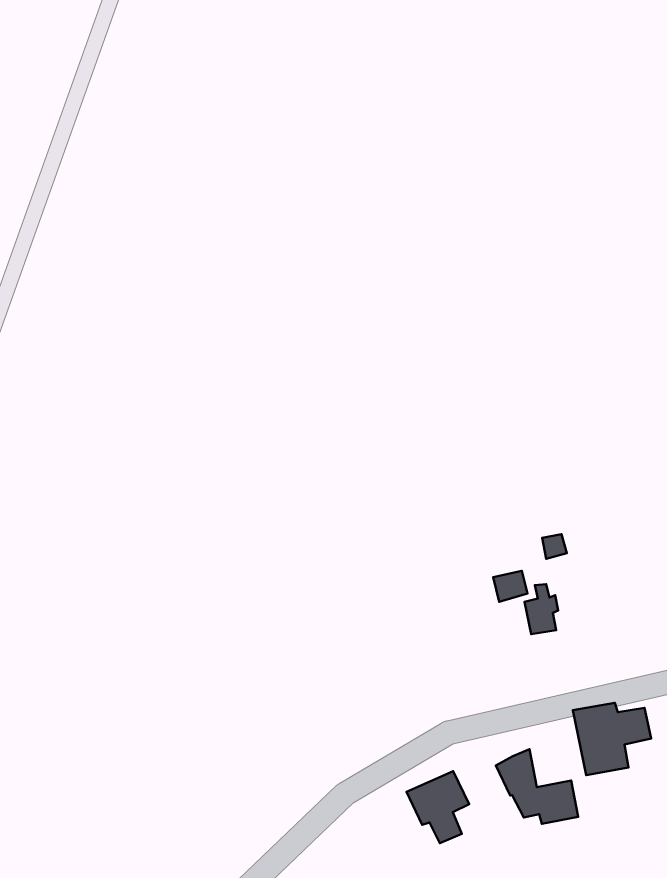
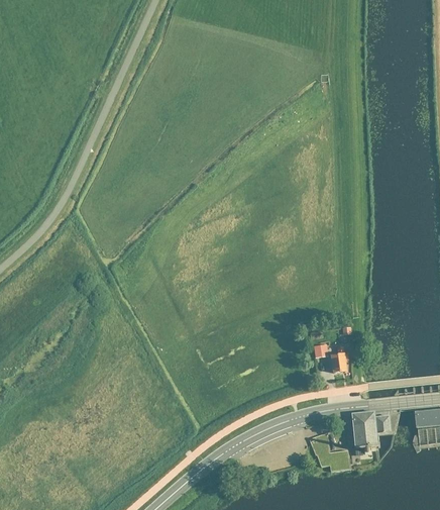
building: [406,771,469,843] -> none

